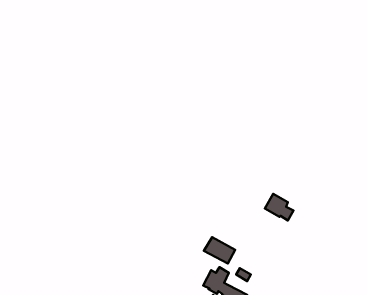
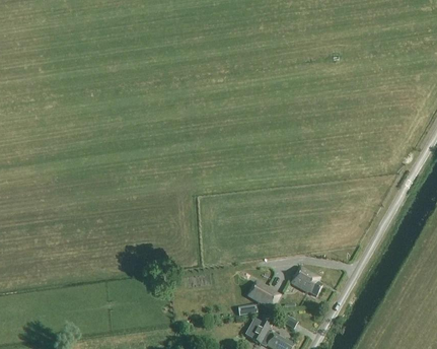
building: [265,194,293,221] -> [290,266,321,295]

